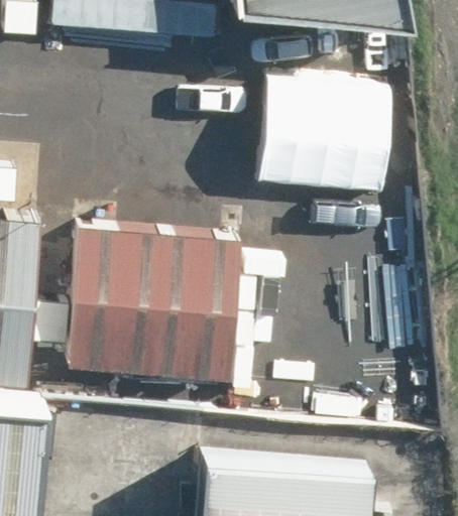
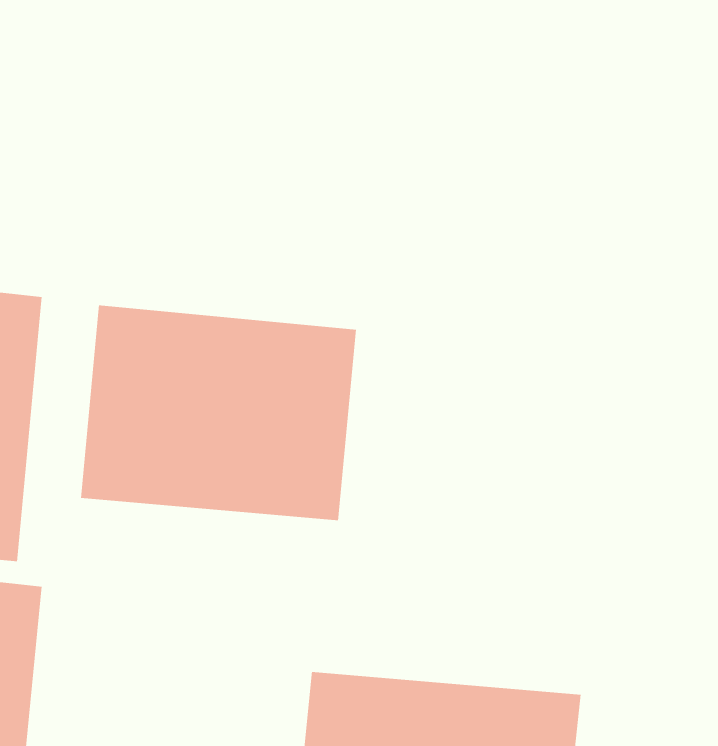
building: [260,77,400,190] -> none

